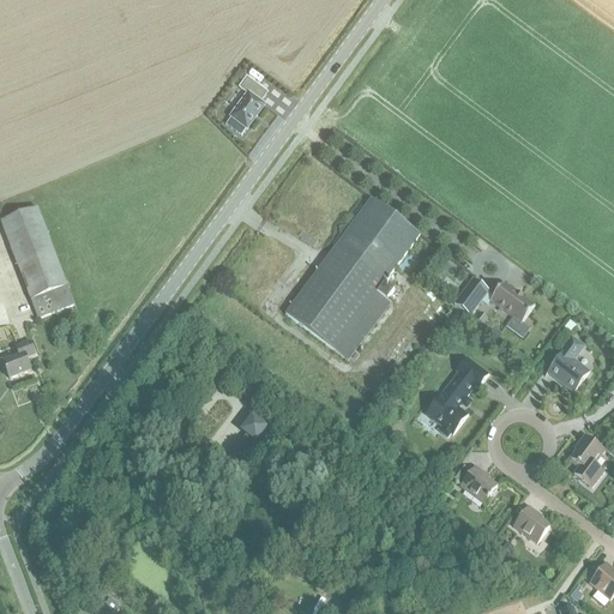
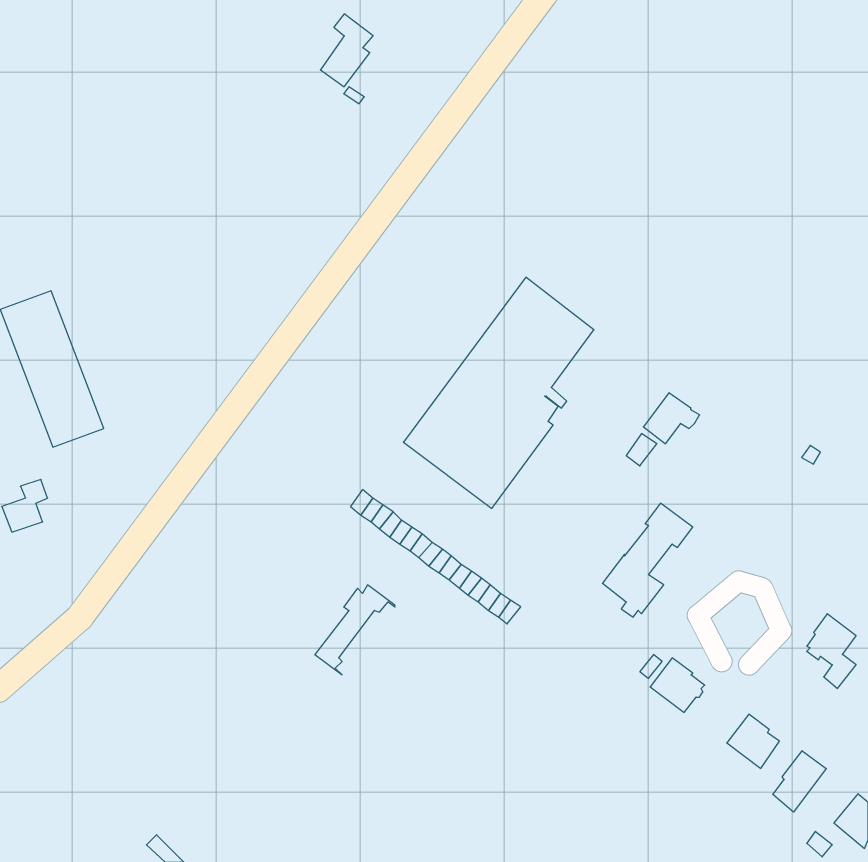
building: [229,74,266,126] -> [320,14,373,87]
building: [489,279,534,321] -> none
building: [546,335,589,390] -> none
building: none -> [773,751,826,812]

